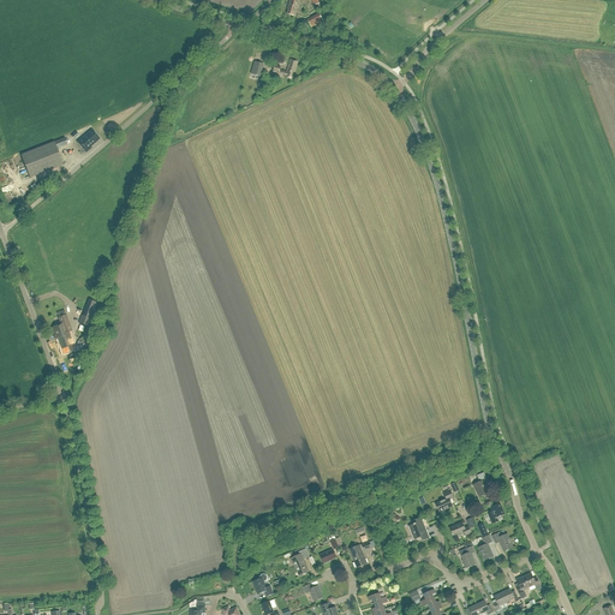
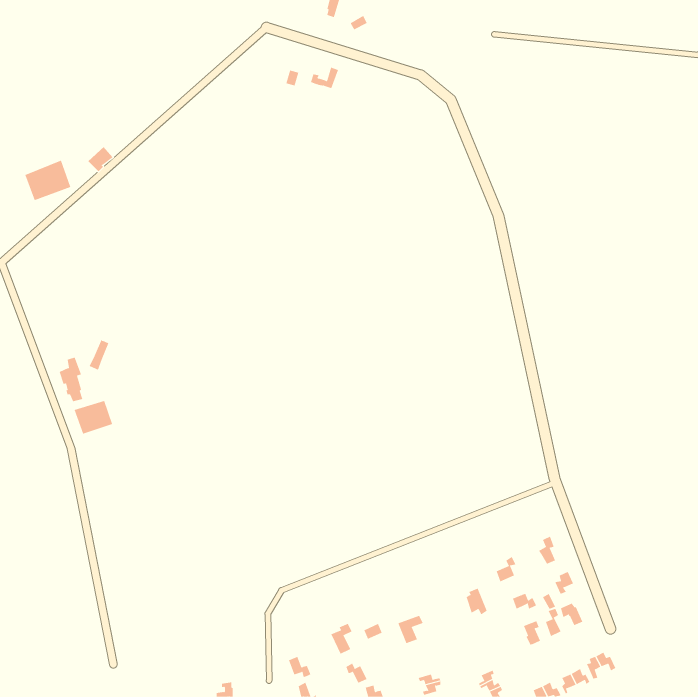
building: none -> [74,400,113,435]

